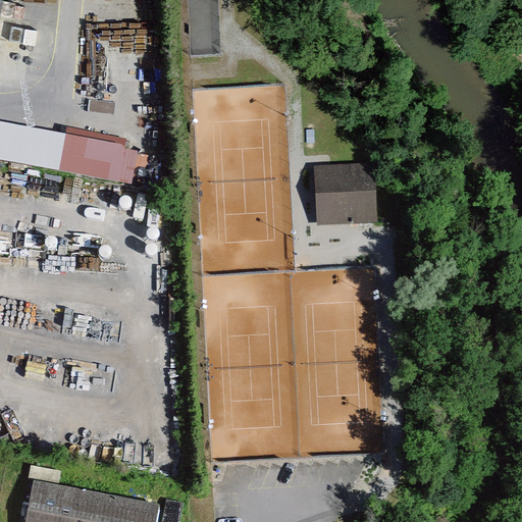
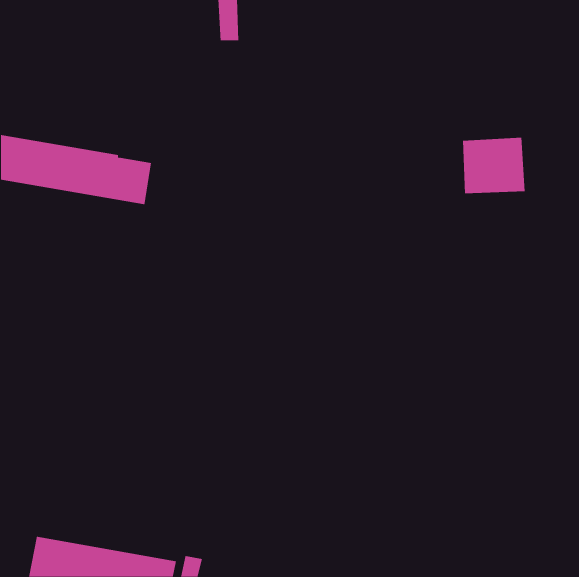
building: [317,168,374,219] -> [462,137,526,194]

